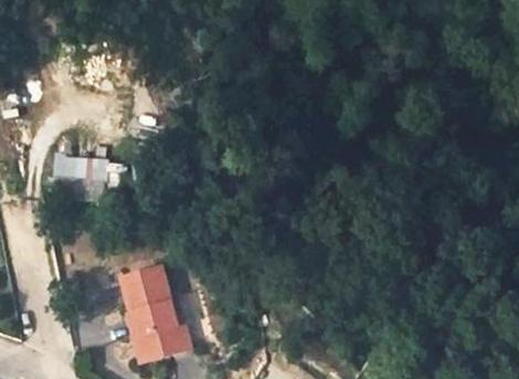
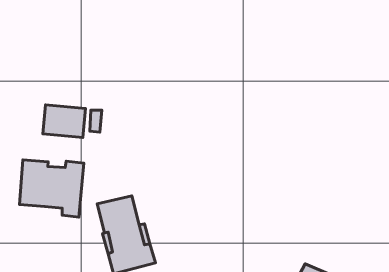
building: none -> [19,160,84,217]

